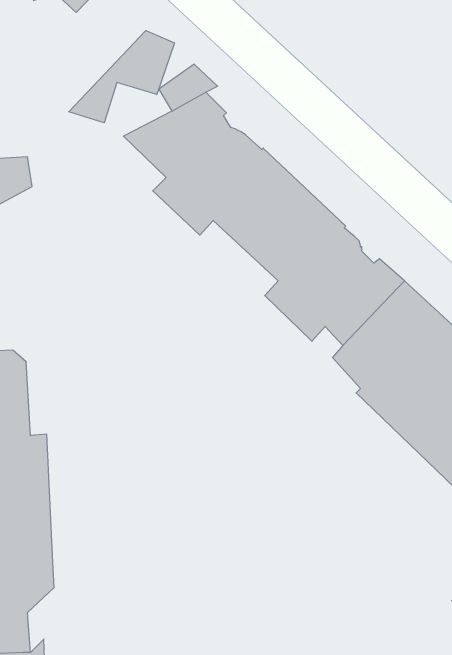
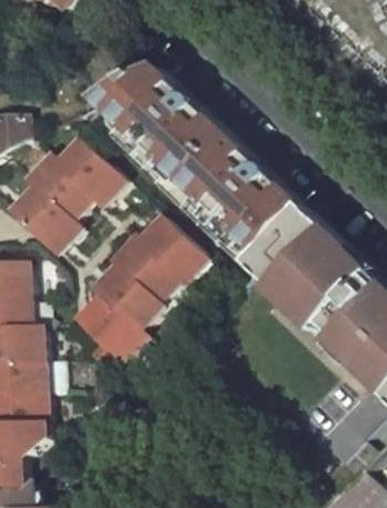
building: [69,31,174,123] -> none
building: none -> [11,140,125,255]
building: none -> [77,218,207,369]

